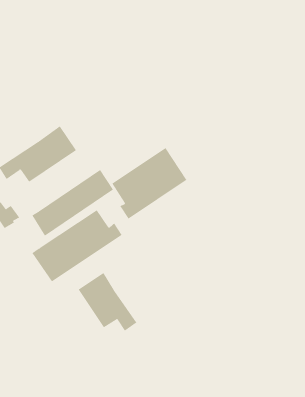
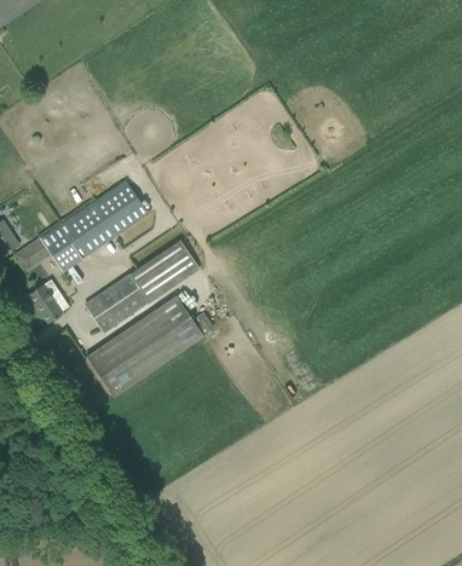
building: [111,147,187,219] -> none
building: [78,272,137,331] -> none

